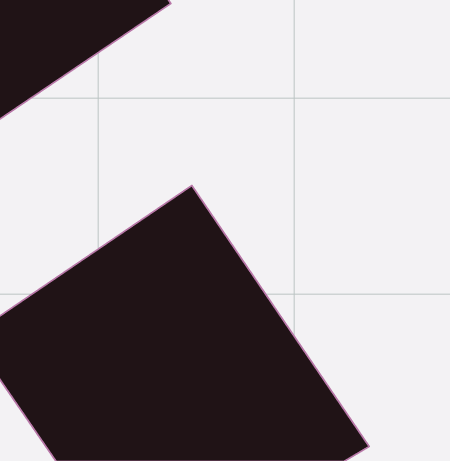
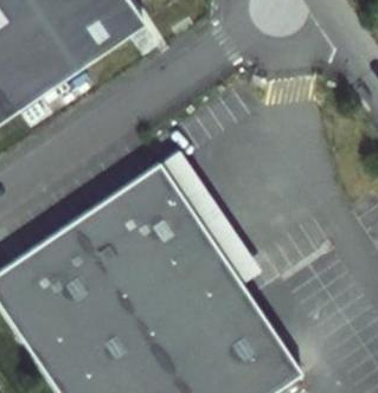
building: none -> [159,153,262,289]

